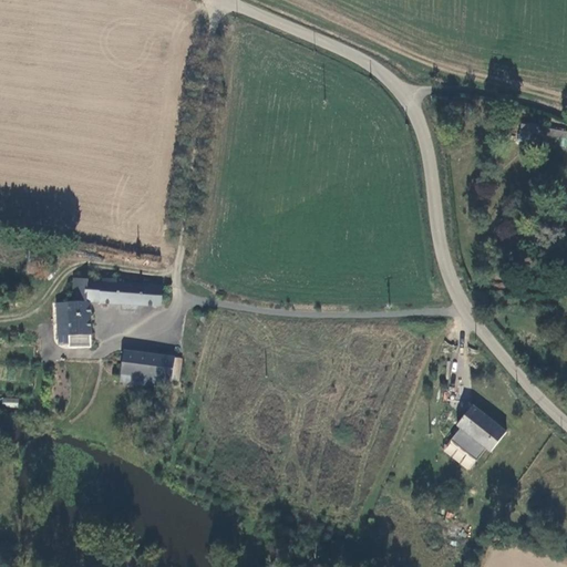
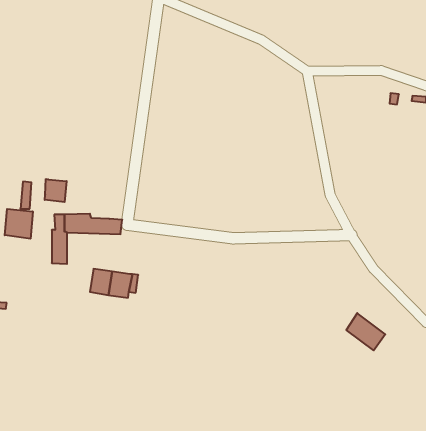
building: none -> [45,179,67,202]
building: none -> [5,209,33,239]

